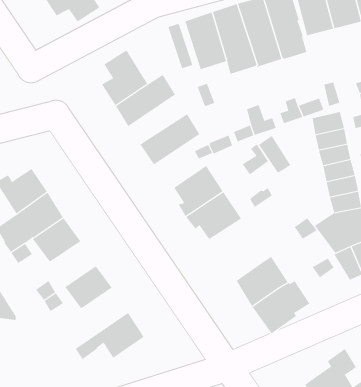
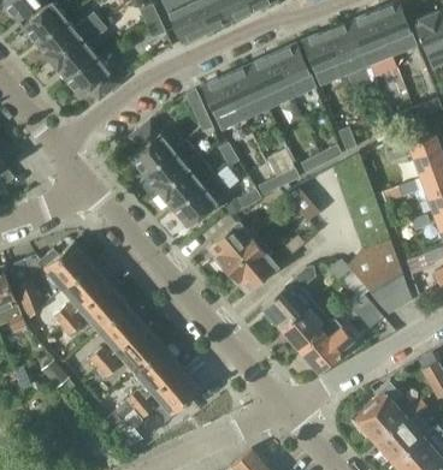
building: none -> [159,157,214,209]
building: none -> [261,268,314,328]
building: none -> [100,308,144,353]
building: none -> [107,349,181,427]

